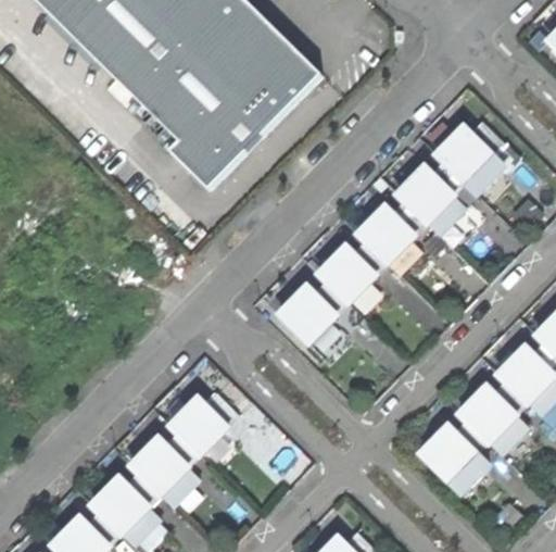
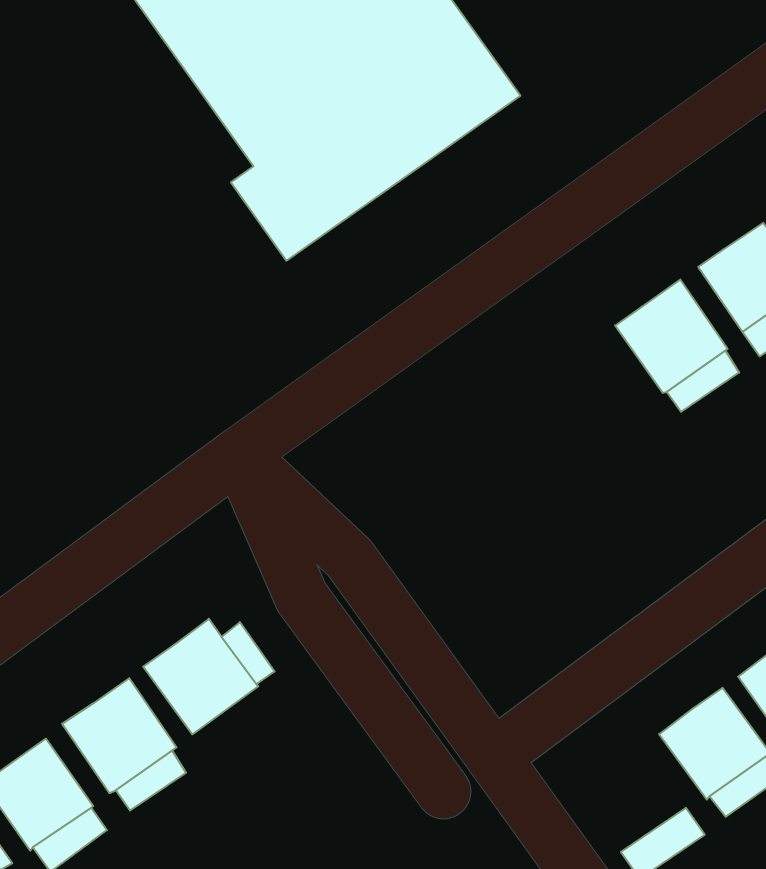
building: [354,203,417,266] -> none
building: [316,244,378,306] -> none
building: [276,284,341,348] -> none
building: [417,423,478,482] -> none

